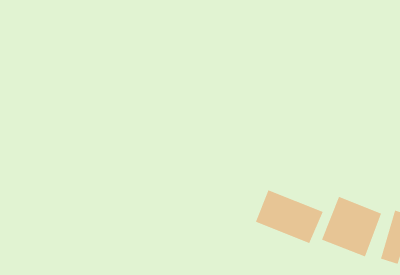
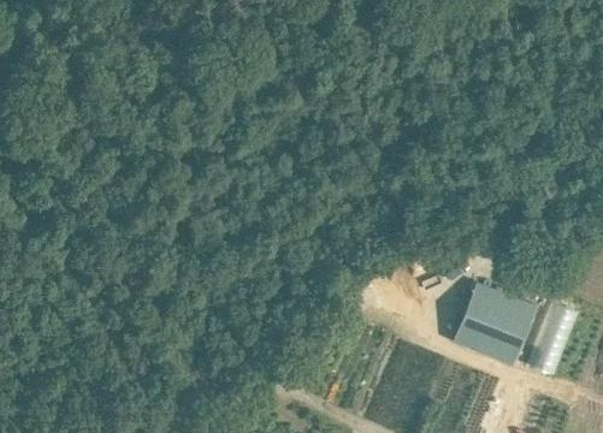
building: [255,189,323,244] -> none

